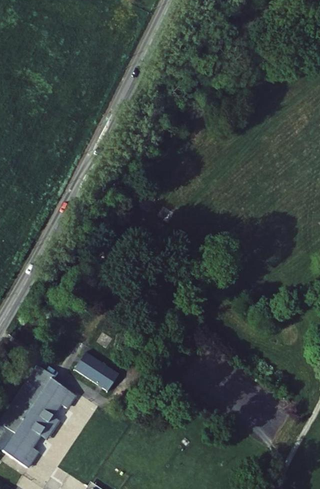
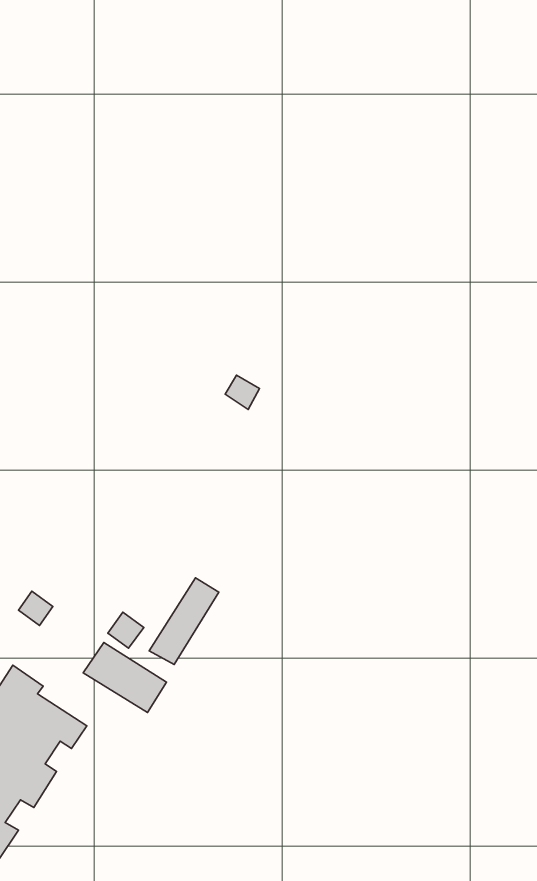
building: none -> [149,578,219,664]

